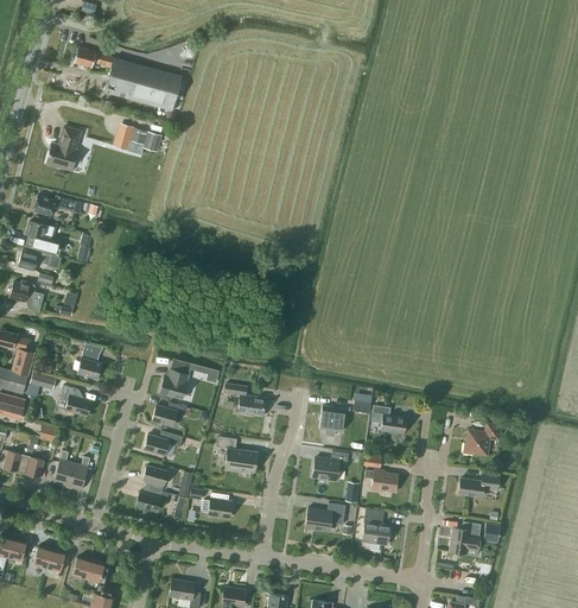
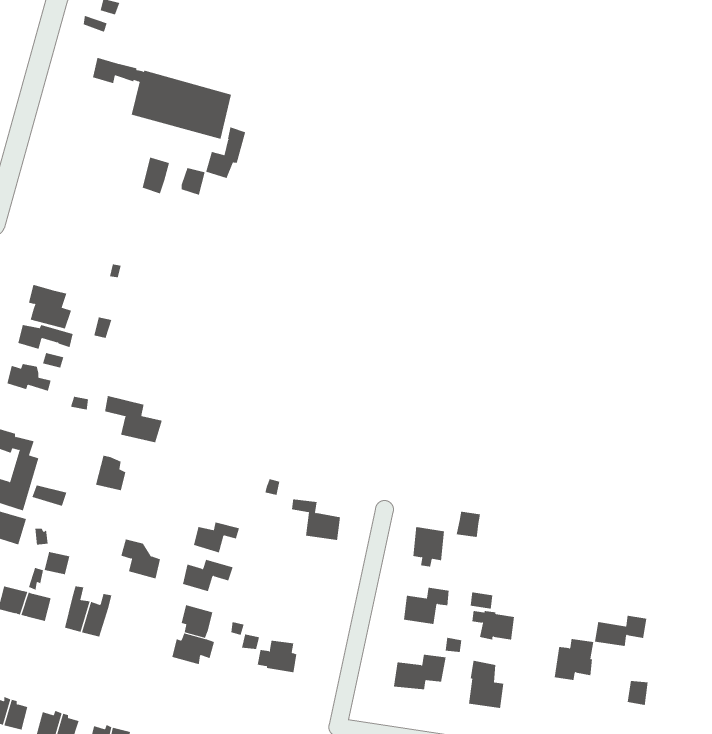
building: none -> [206,127,246,179]
building: [46,126,81,170] -> none
building: [33,195,82,215] -> none
building: none -> [104,395,162,443]
building: [159,368,189,398] -> none
building: [59,385,90,416] -> [120,539,161,579]
building: [370,405,406,433] -> none
building: [463,422,501,455] -> none
building: [218,436,258,473] -> none
building: [450,521,481,553] -> [554,639,594,681]

